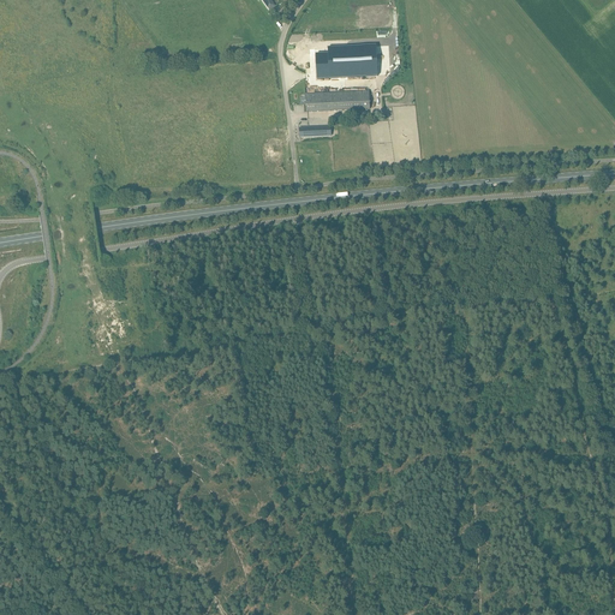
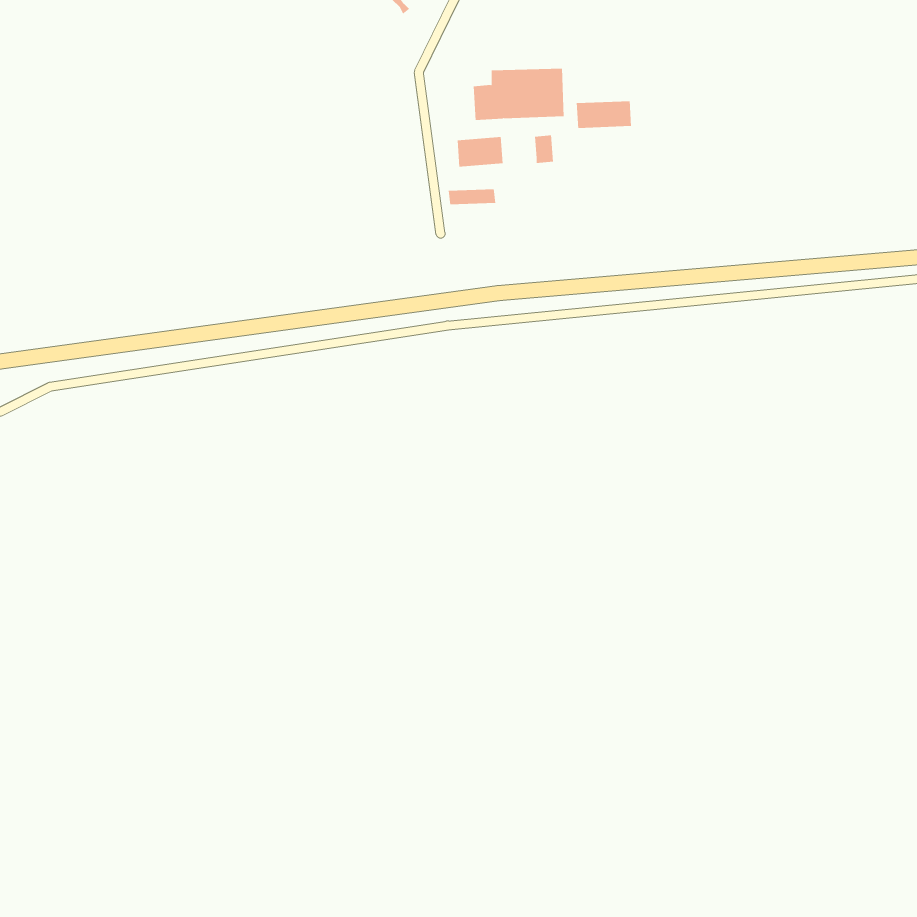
building: none -> [576,100,632,129]

